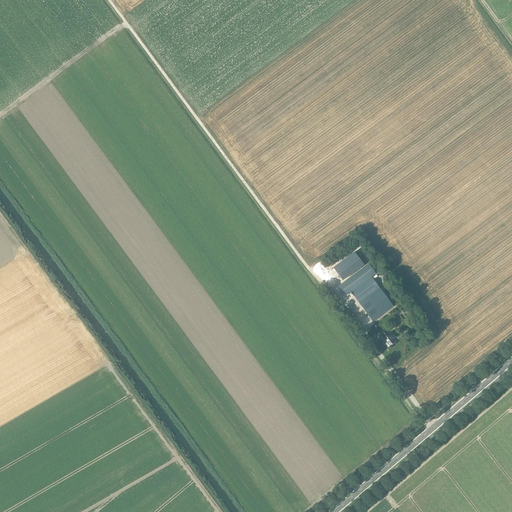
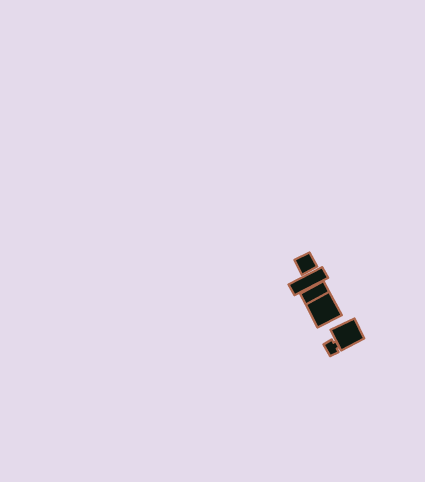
building: none -> [331,318,364,351]

